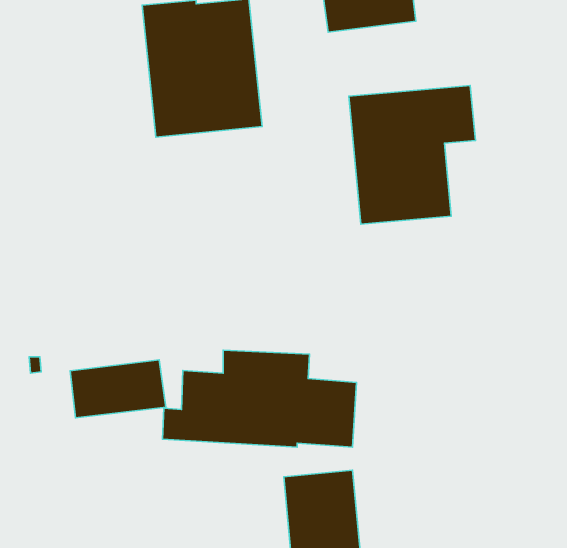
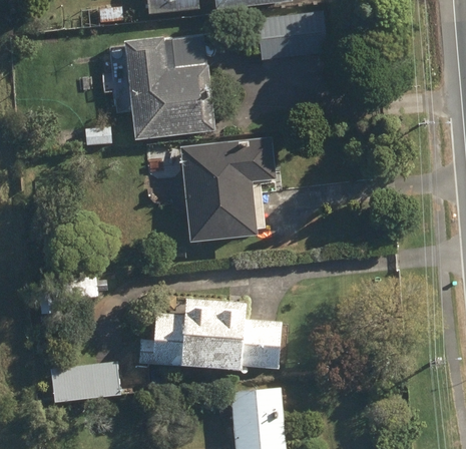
building: [349,85,475,224] -> [179,138,274,242]
building: [70,360,166,418] -> [50,361,121,404]

